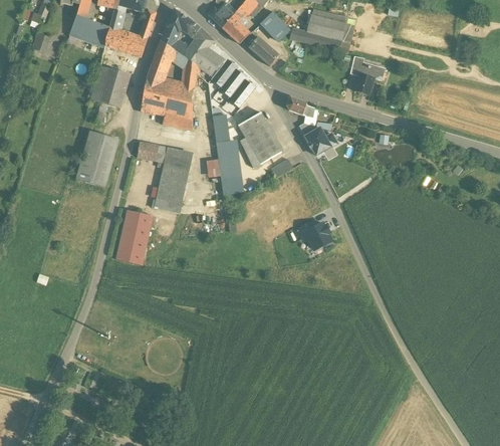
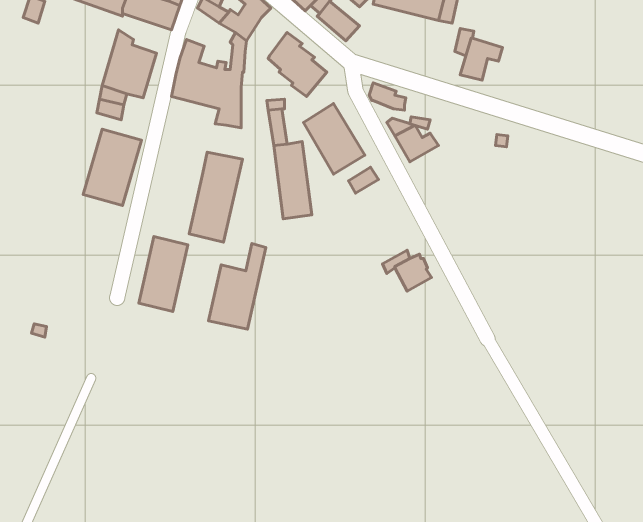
building: [152,41,188,69] -> none
building: [196,48,225,76] -> none
building: [137,142,167,163] -> none
building: none -> [208,244,266,329]

